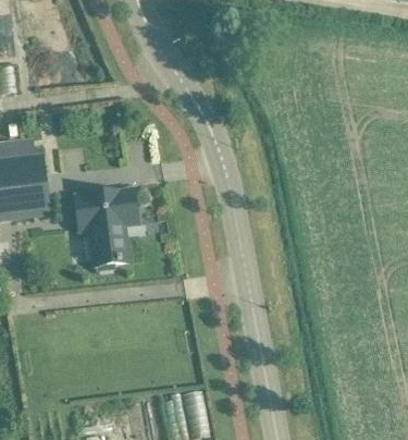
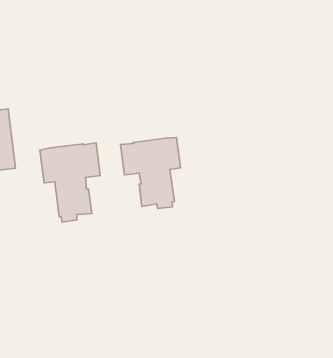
building: none -> [121,138,180,209]

